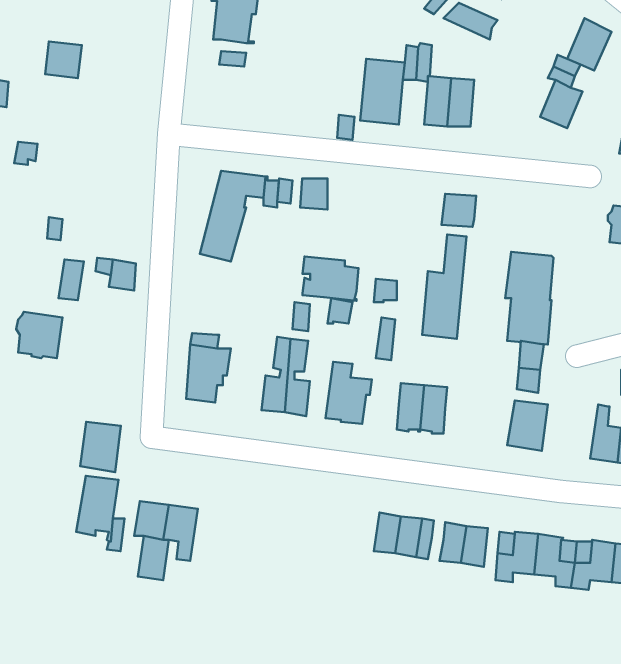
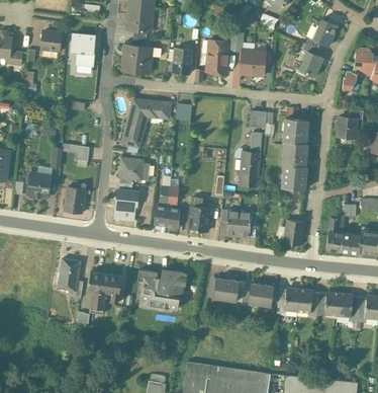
building: none -> [71,33,94,65]
building: none -> [121,44,155,73]
building: none -> [173,48,191,74]
building: none -> [284,119,308,143]
building: [302,257,358,301] -> [120,157,150,180]
building: [80,422,121,472] -> [64,186,85,213]
building: none -> [137,269,187,310]

